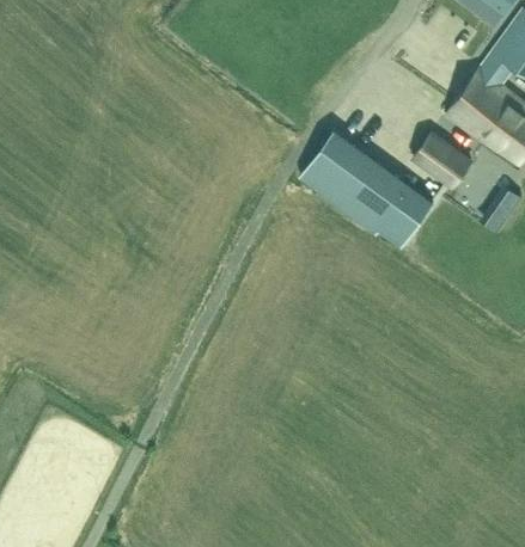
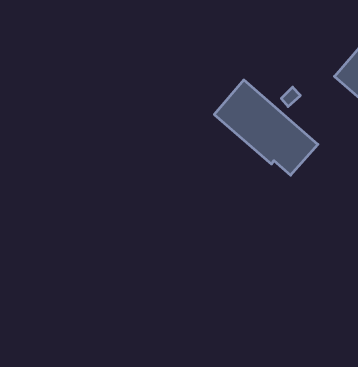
building: [411,136,470,191] -> none

